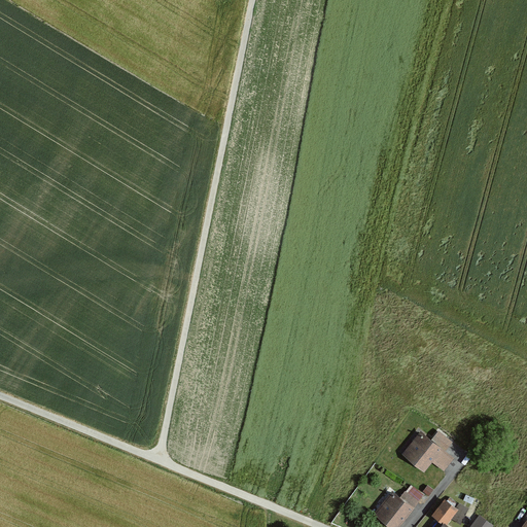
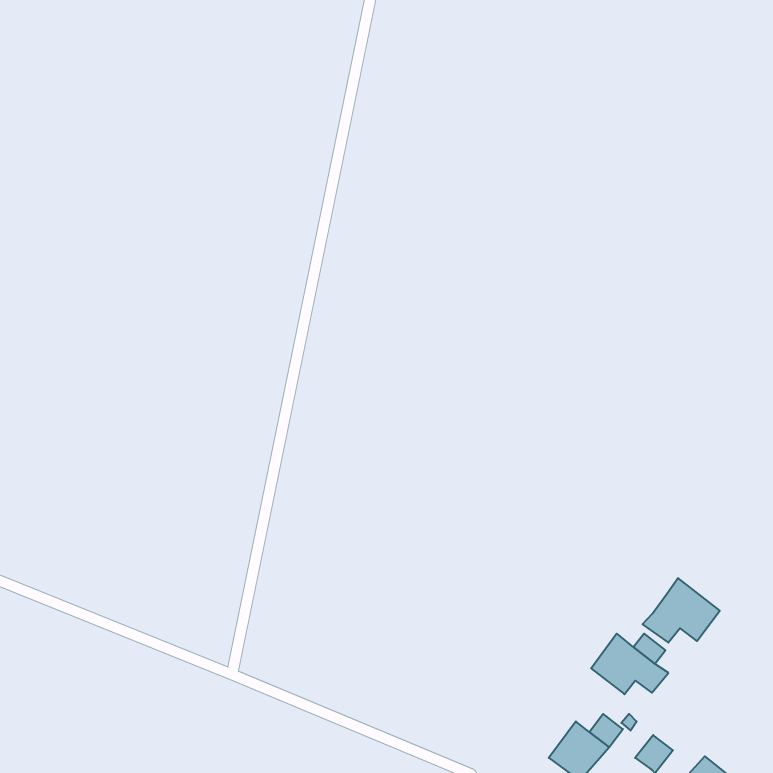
building: none -> [643,578,720,643]

